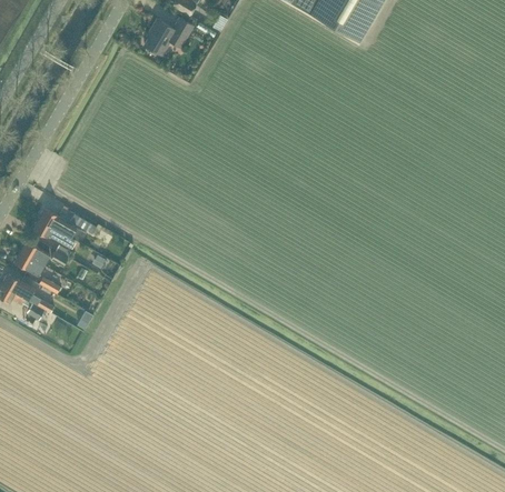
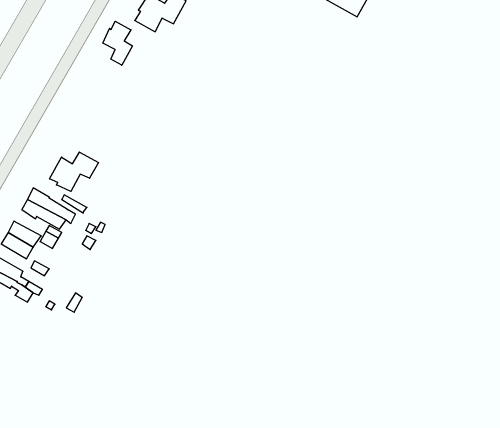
building: none -> [103,21,132,65]
building: none -> [50,152,98,191]

